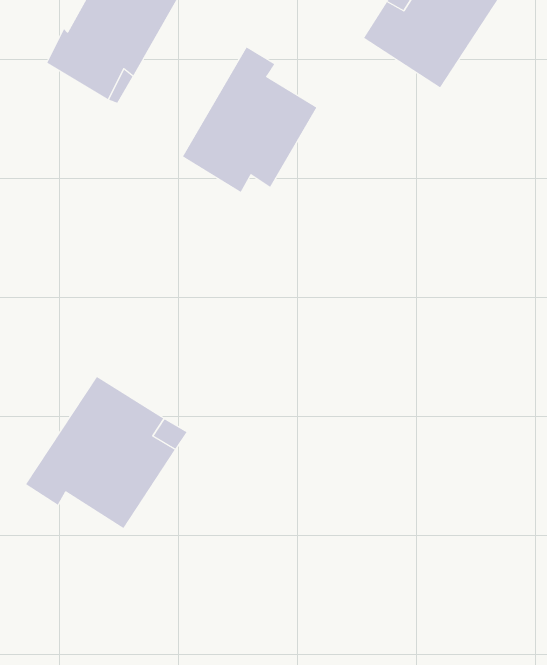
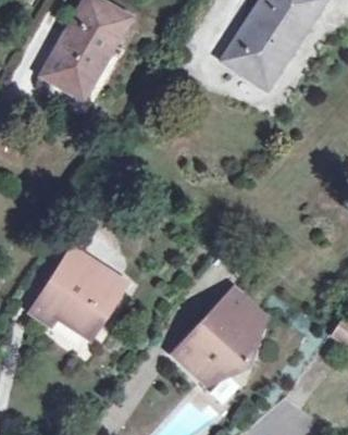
building: [182,46,317,193] -> none
building: none -> [175,287,263,382]

